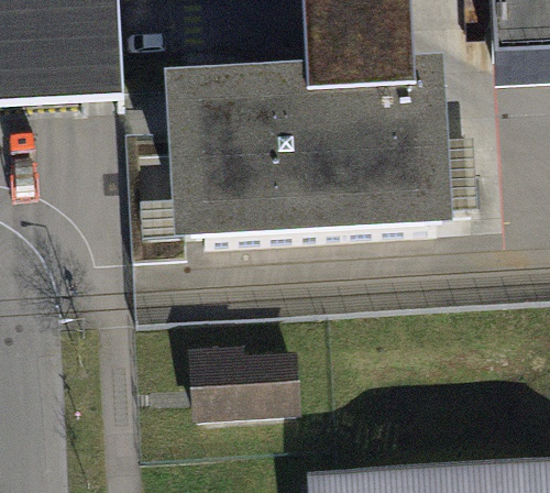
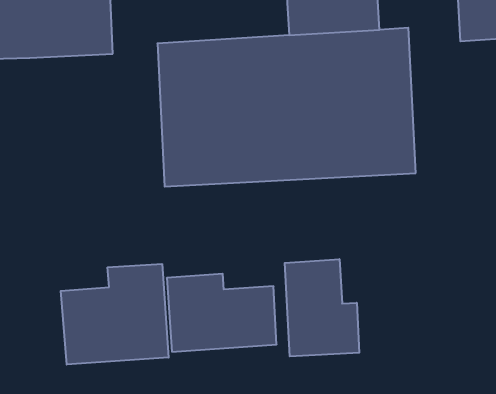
building: none -> [285,259,359,356]
building: none -> [61,264,169,365]

